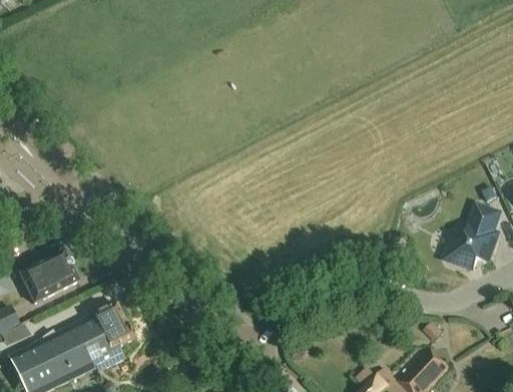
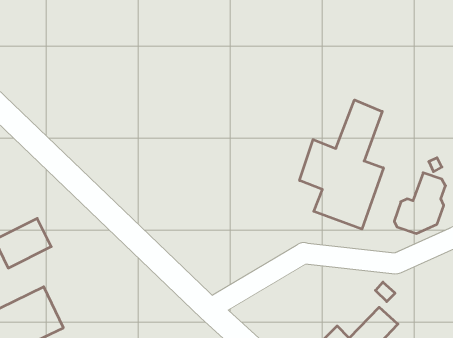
building: none -> [300,100,383,229]
building: [69,305,132,373] -> none

